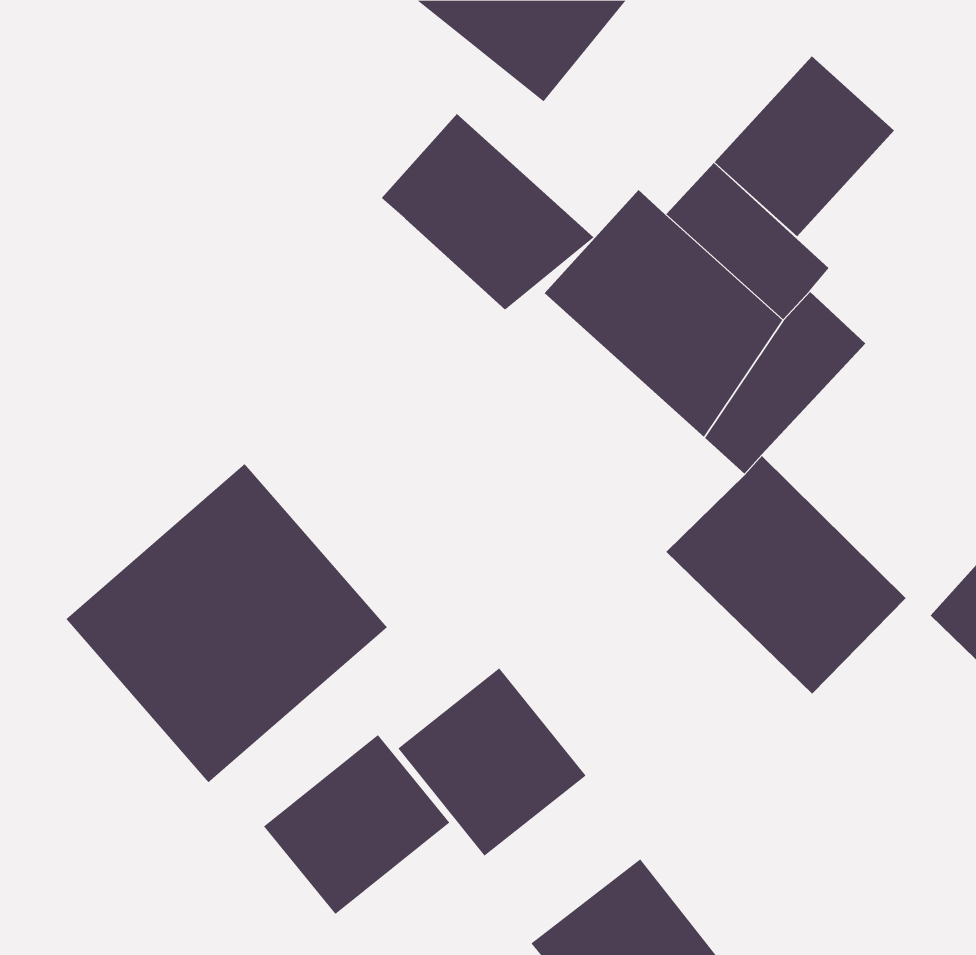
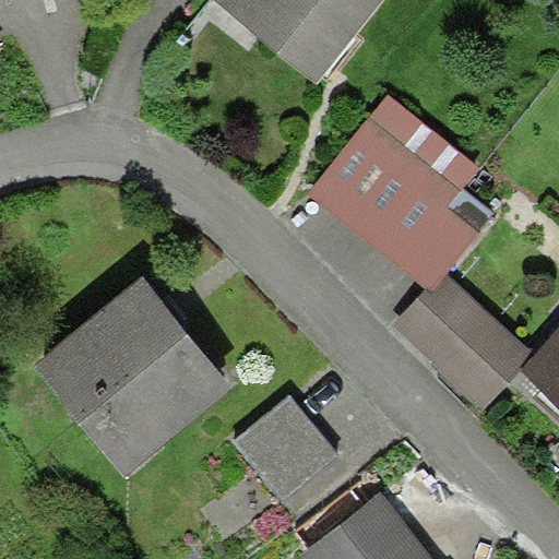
building: [714,55,895,237] -> none
building: [381,113,594,310] -> none
building: [263,734,450,915] -> none

